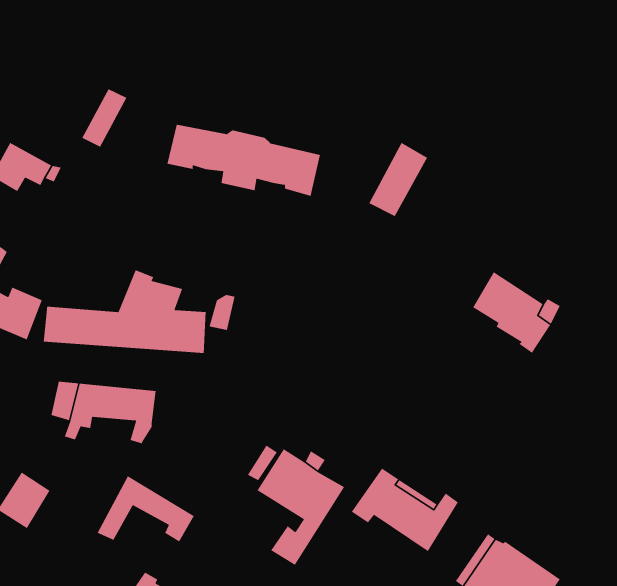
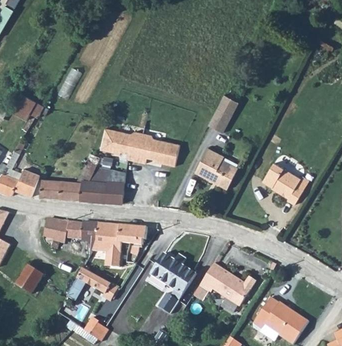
building: [167,124,321,197] -> [100,128,180,166]
building: none -> [194,148,238,190]
building: none -> [91,223,147,267]

